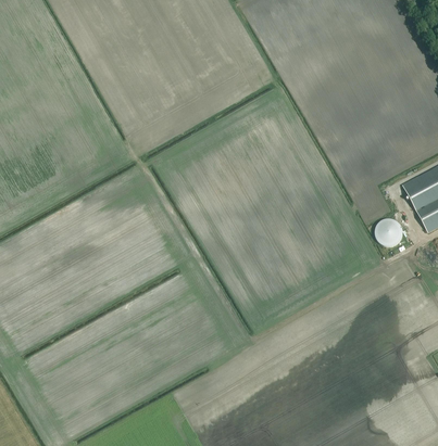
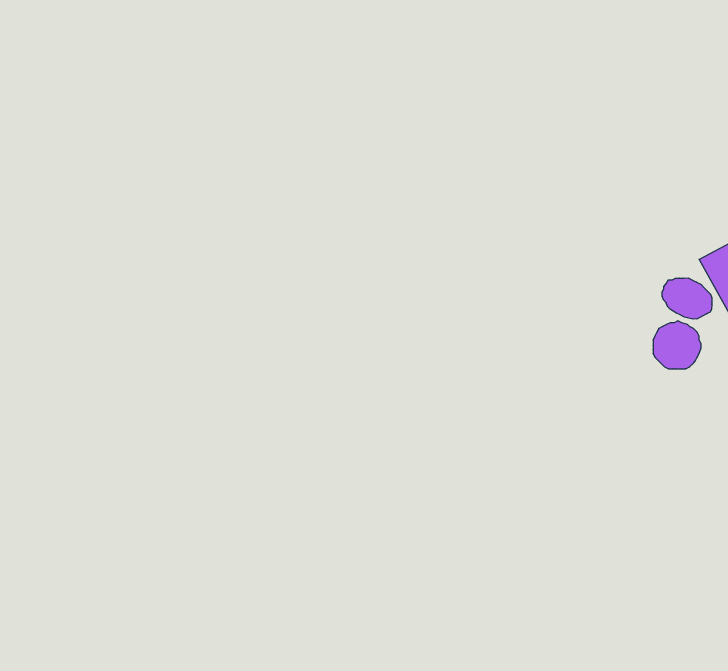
building: none -> [662,278,712,319]

